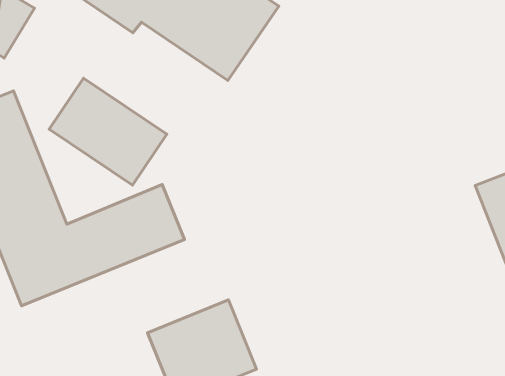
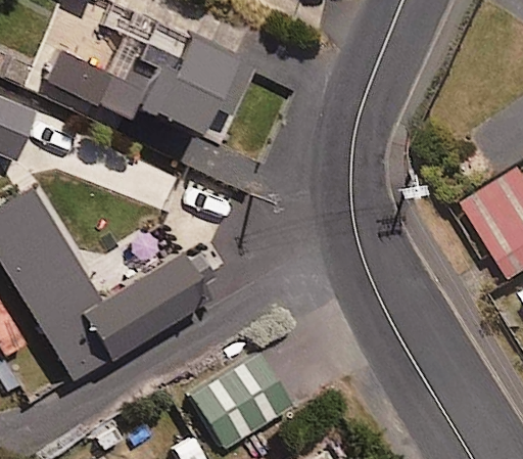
building: [49,78,167,185] -> none

